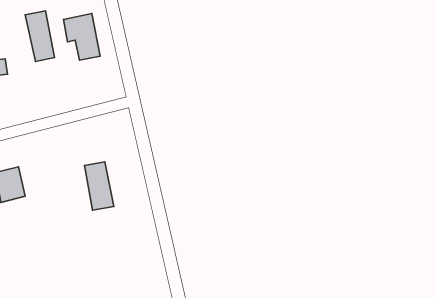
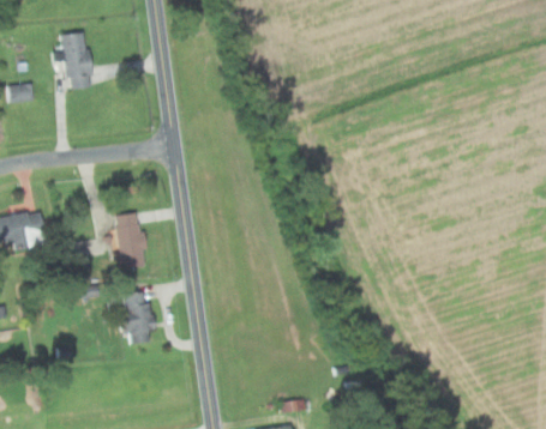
building: [63,14,100,60] -> none
building: none -> [119,291,151,344]

